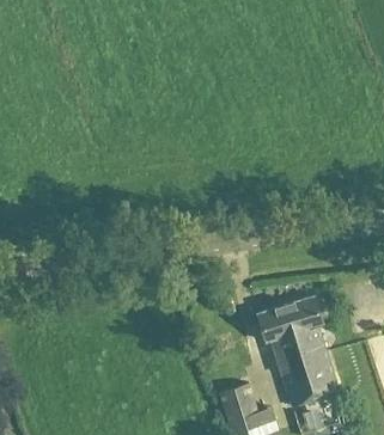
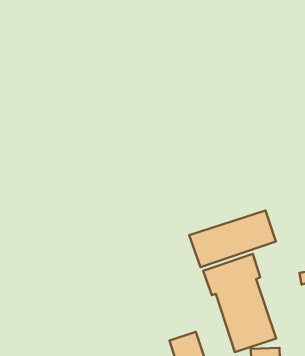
building: none -> [189,211,276,267]

